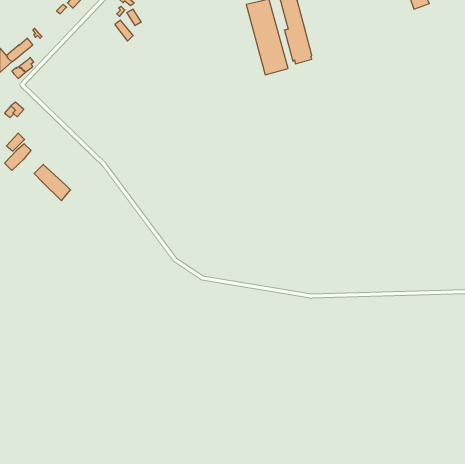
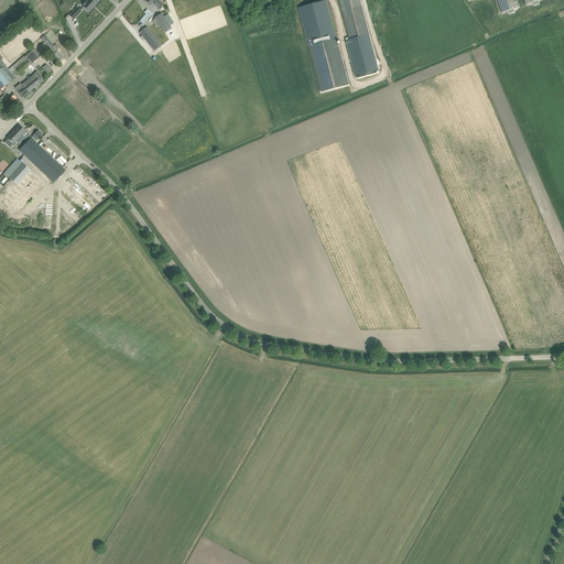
building: [34,164,71,201] -> [19,137,63,181]

